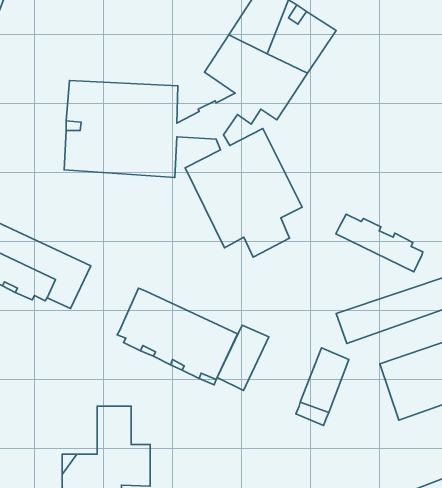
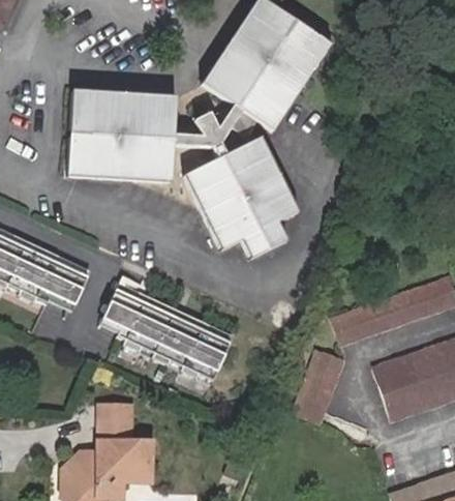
building: [336,214,423,272] -> none
building: none -> [101,274,153,332]
building: [217,325,269,391] -> none

